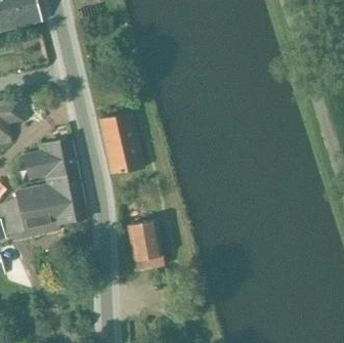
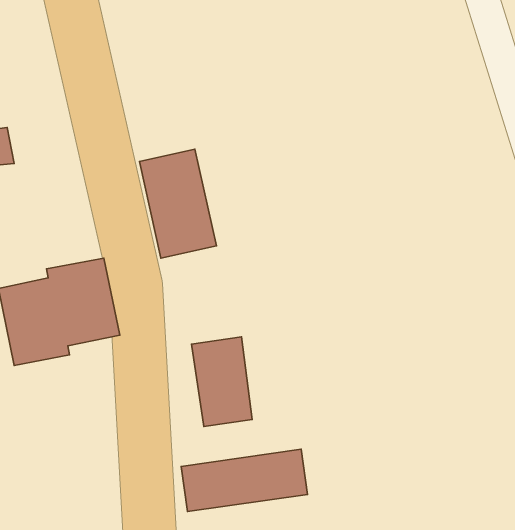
building: [25,138,79,180] -> none
building: none -> [181,449,307,512]

